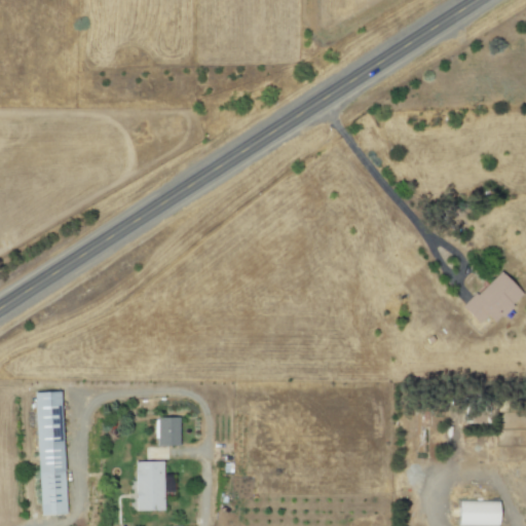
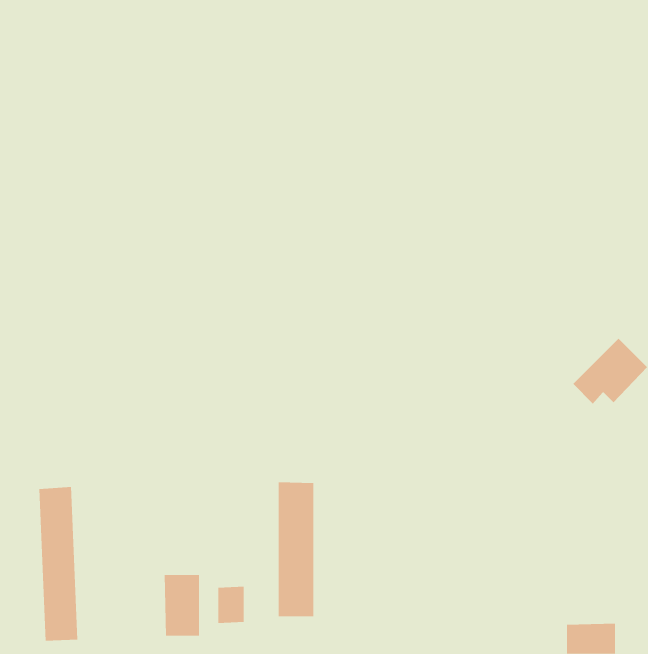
building: none -> [278,481,314,617]
building: [159,416,181,446] -> [218,586,244,623]

